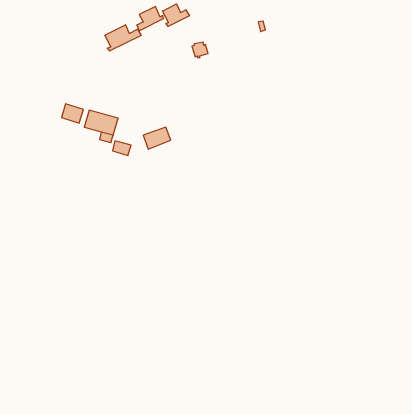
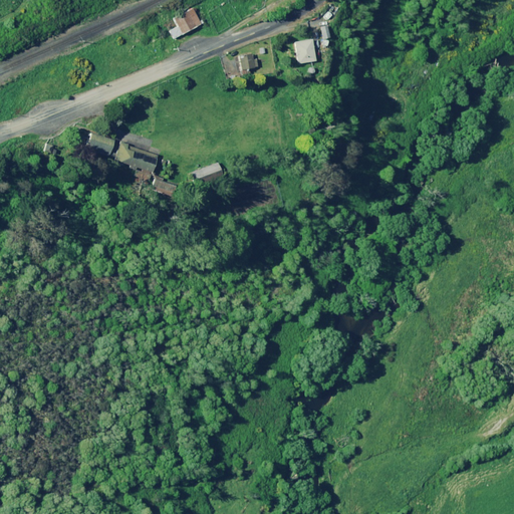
building: [162,4,189,26] -> none
building: [105,25,141,51] -> none
building: none -> [296,39,317,63]

